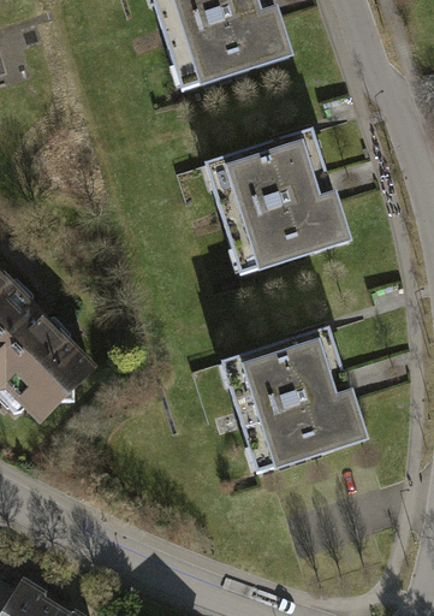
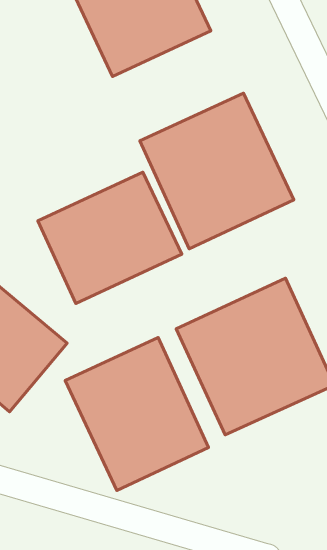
building: none -> [38,172,182,304]
building: none -> [65,337,208,491]

